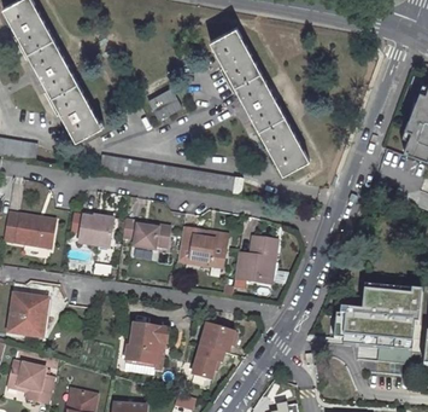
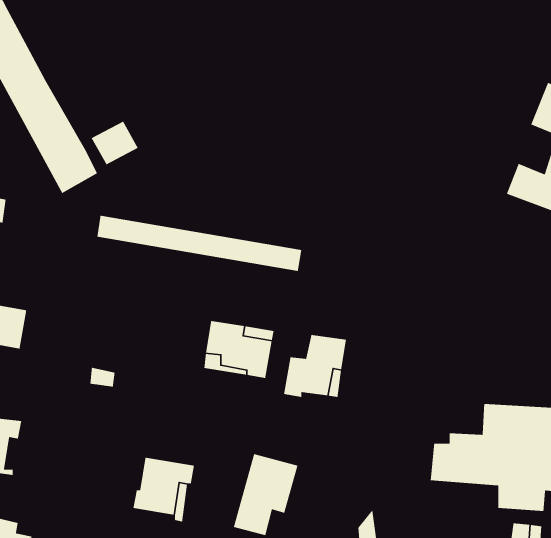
building: [210,25,307,172] -> none
building: [147,87,181,118] -> [91,121,139,165]
building: [68,214,110,246] -> none
building: [118,219,166,249] -> none

